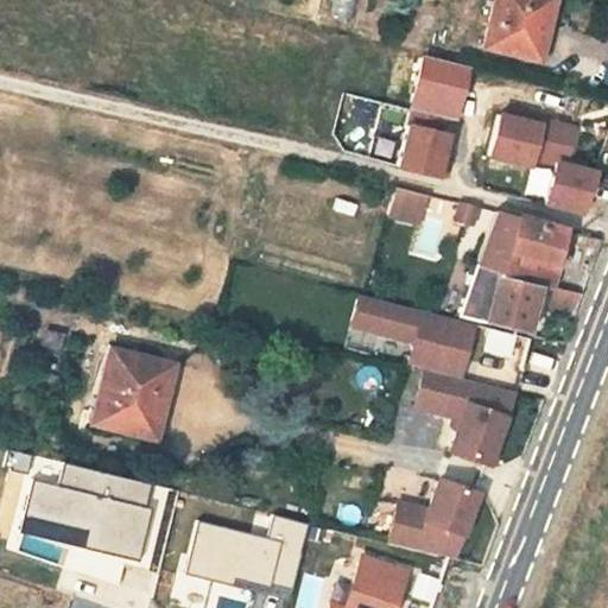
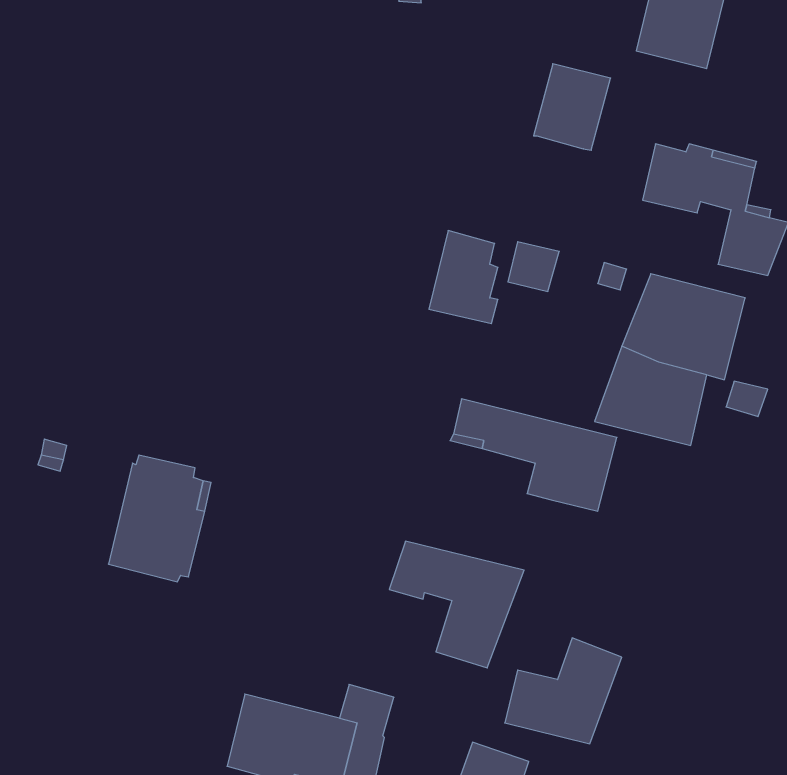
building: [400,108,451,177] -> [429,231,498,324]
building: [413,378,513,471] -> [389,541,524,668]
building: [23,463,183,569] -> none

